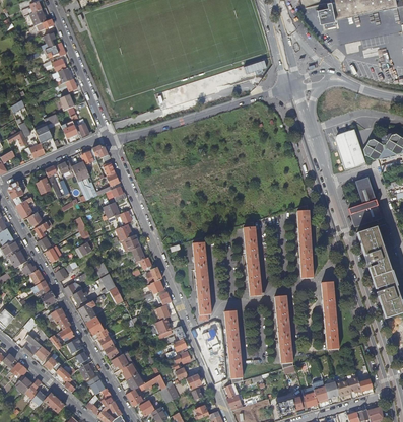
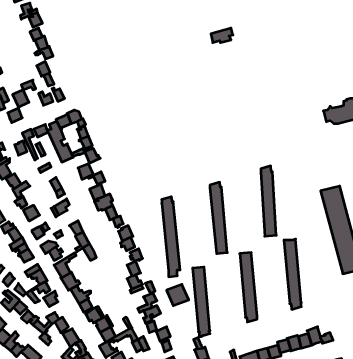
building: [335,129,365,169] -> none
building: [348,177,381,227] -> none

